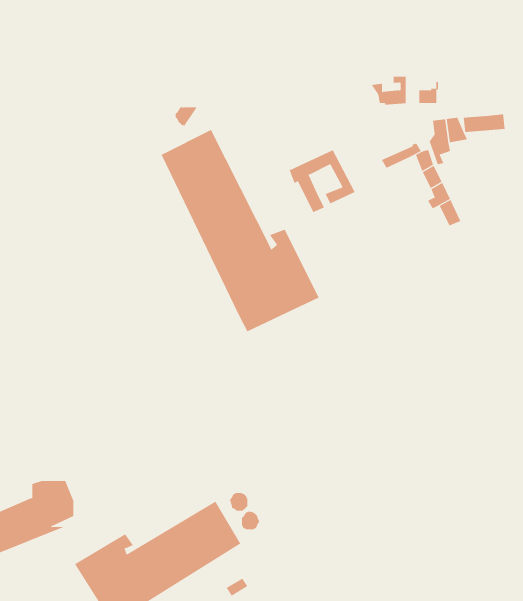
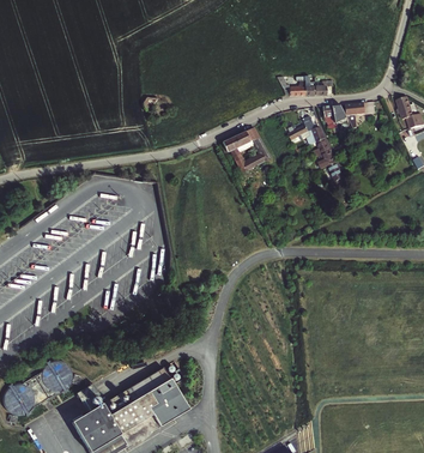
building: [161,129,319,332] -> none

